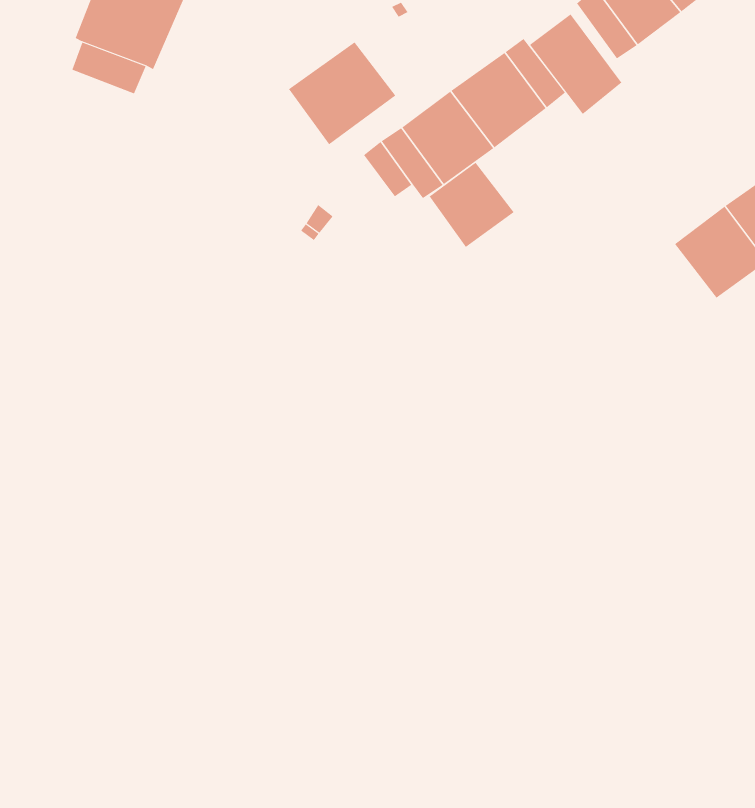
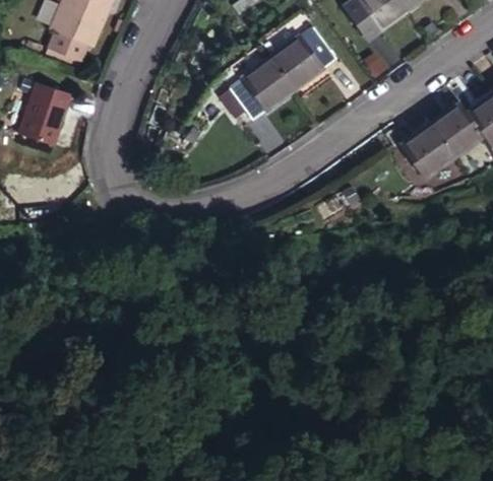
building: [529,13,622,115] -> none
building: [288,42,396,145] -> none
building: none -> [21,82,71,144]
building: [429,162,514,248] -> none

